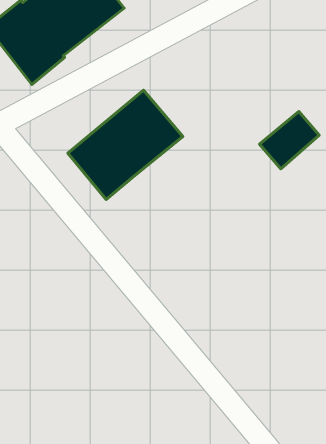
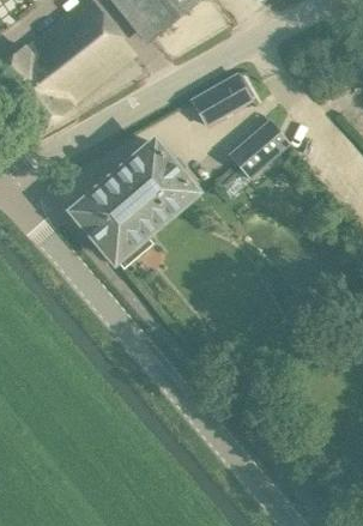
building: none -> [189,74,253,131]
building: [260,111,319,169] -> [226,121,290,182]

